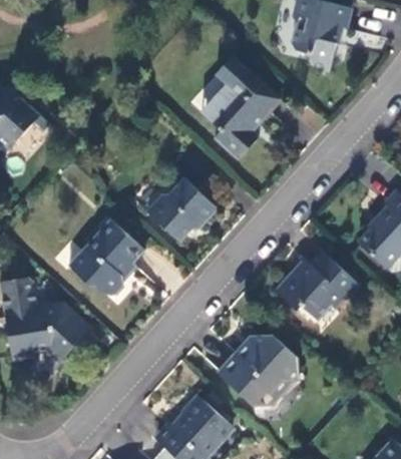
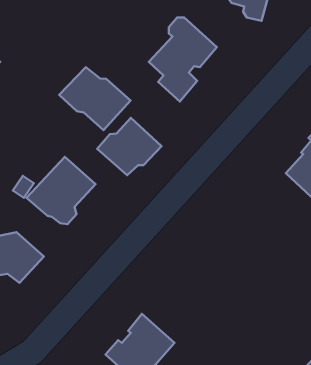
building: none -> [59,67,131,130]
building: [279,252,360,319] -> none
building: [219,335,301,408] -> none

